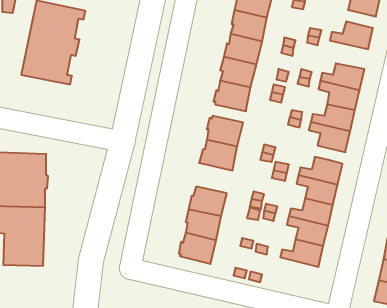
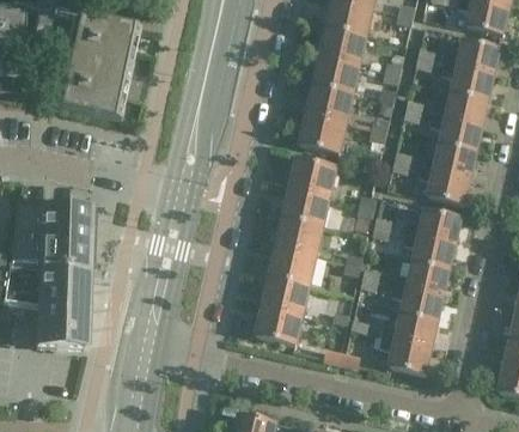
building: none -> [442,63,493,99]
building: none -> [277,217,323,255]
building: none -> [380,335,431,372]

